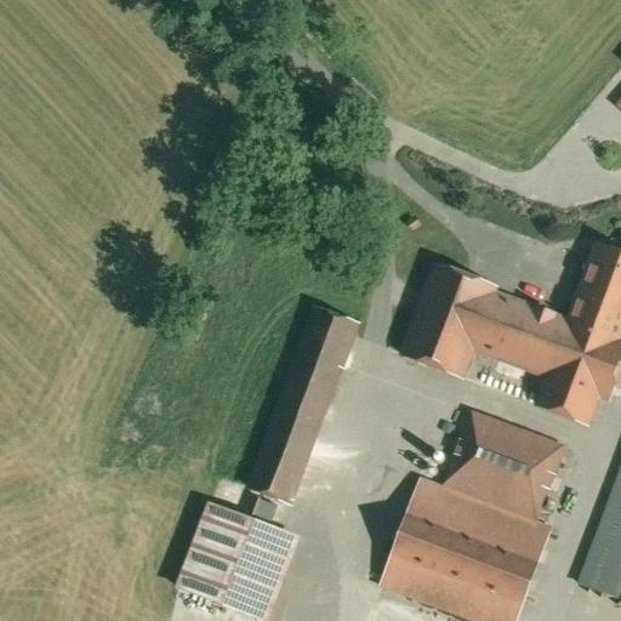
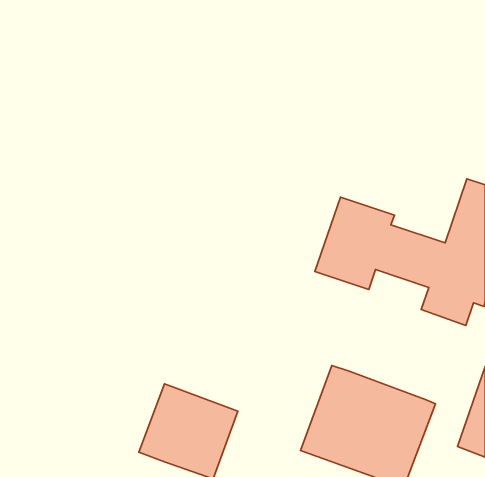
building: [249,313,353,501] -> none
building: [445,408,571,522] -> none

